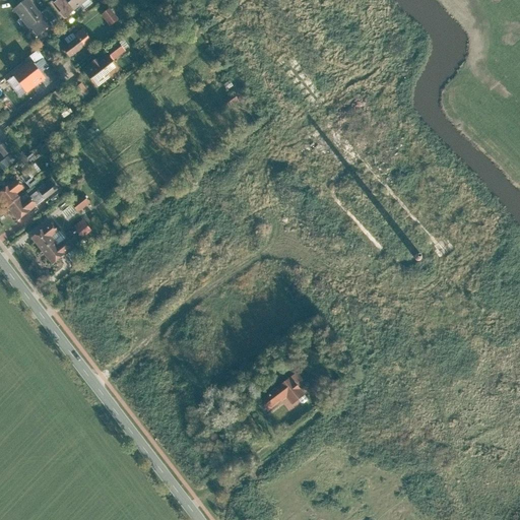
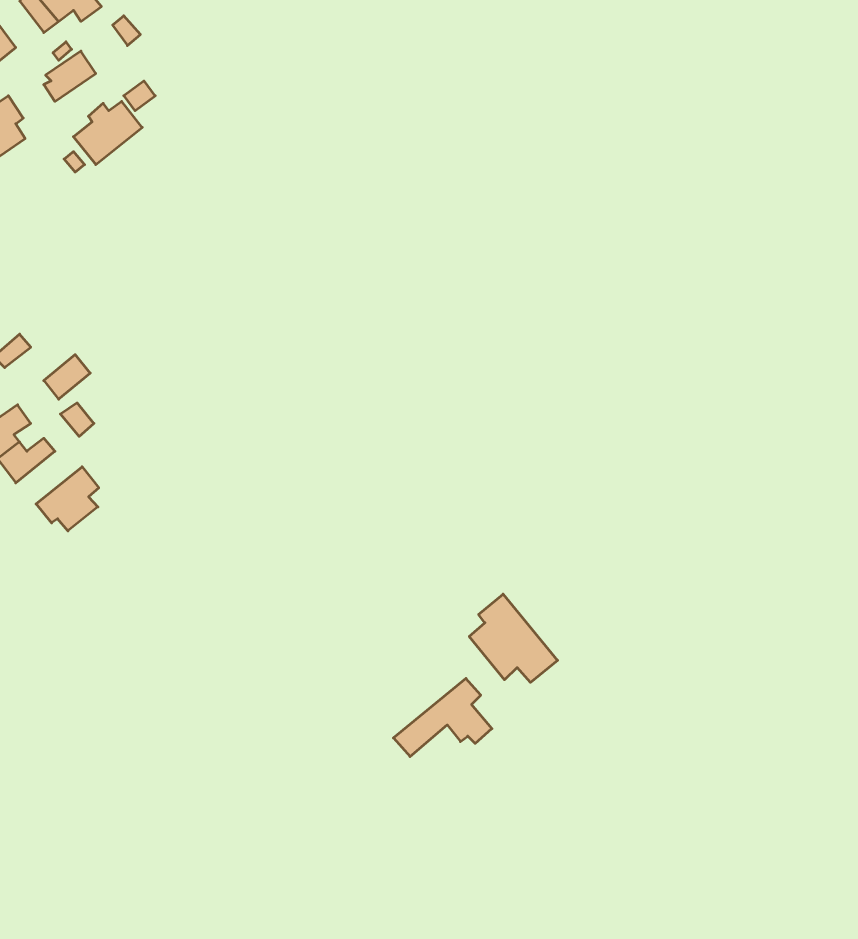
building: none -> [36,467,99,531]
building: none -> [469,594,558,682]

